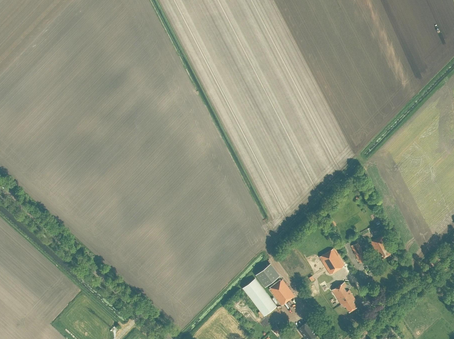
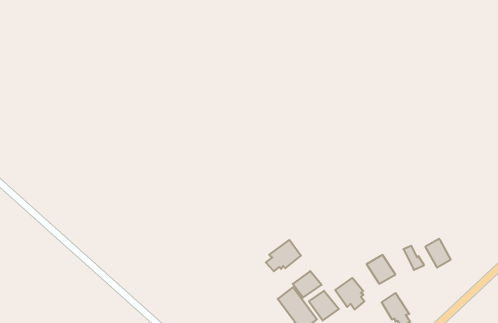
building: none -> [266,240,301,271]
building: none -> [335,278,364,309]

